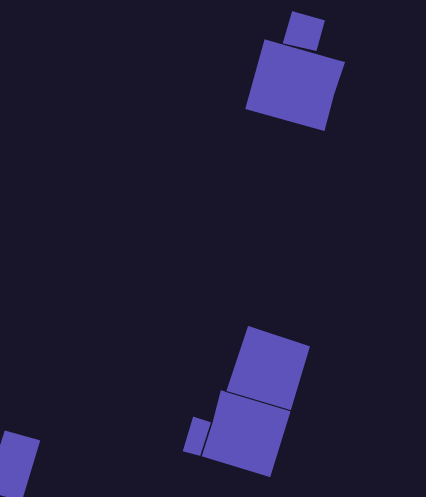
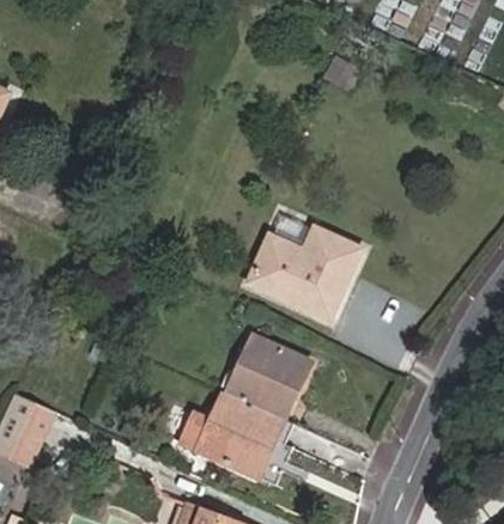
building: [244,38,346,132] -> none
building: none -> [253,226,364,317]

